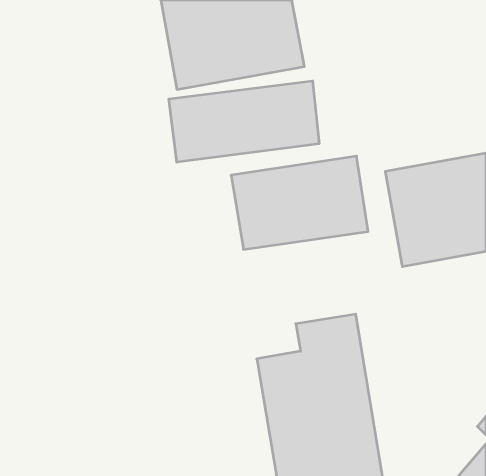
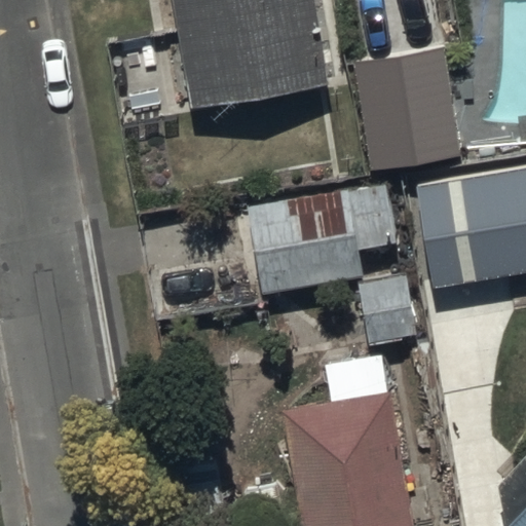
building: none -> [356,55,459,170]
building: [169,81,319,162] -> none

